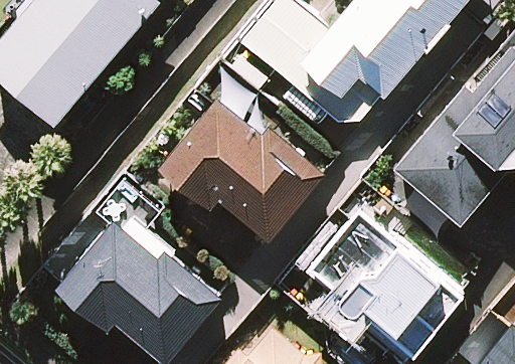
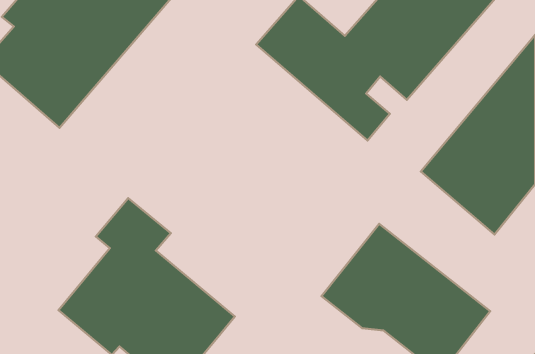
building: [161,103,320,240] -> none

